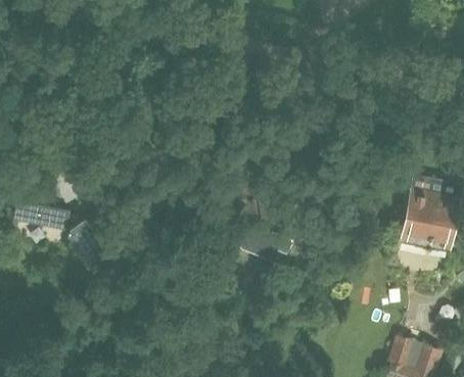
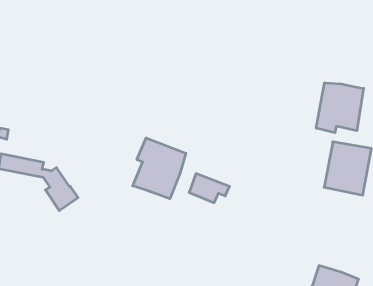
building: none -> [316,83,364,133]
building: none -> [133,138,186,199]

